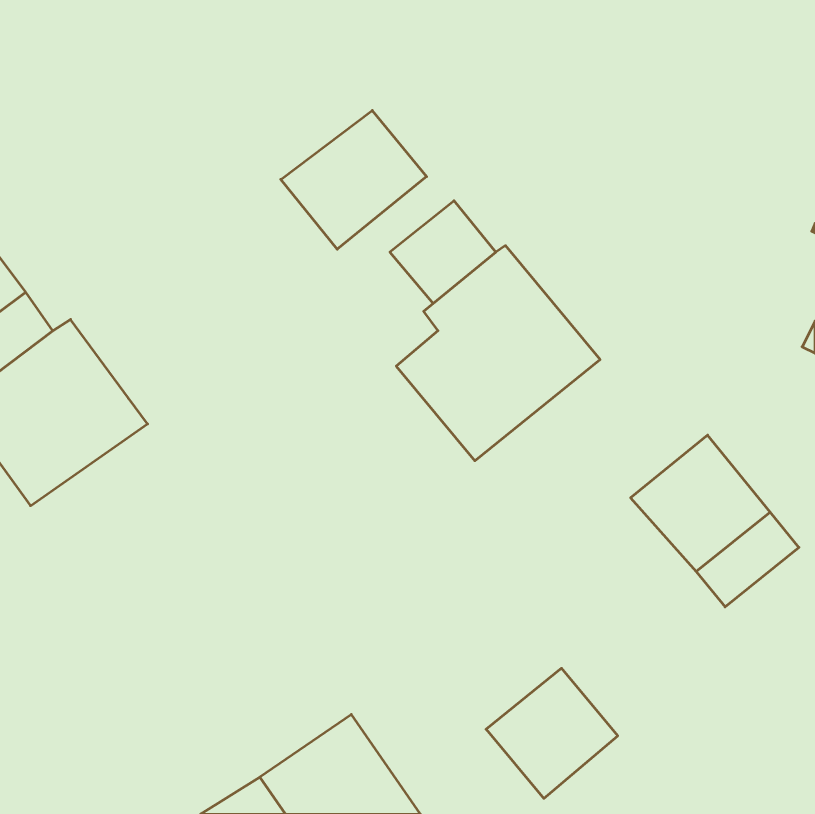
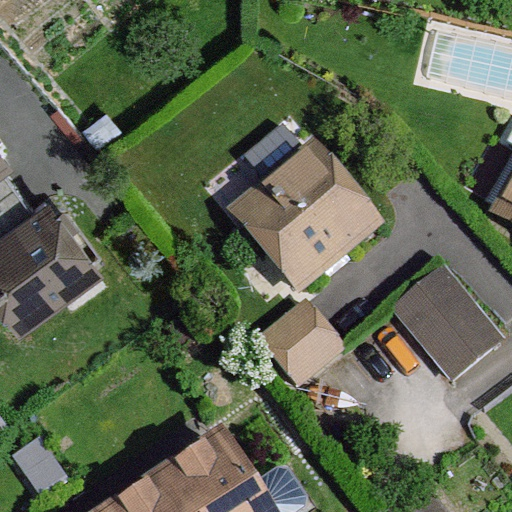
building: [281,110,427,249] -> none
building: [486,668,618,798] -> [260,305,342,386]

